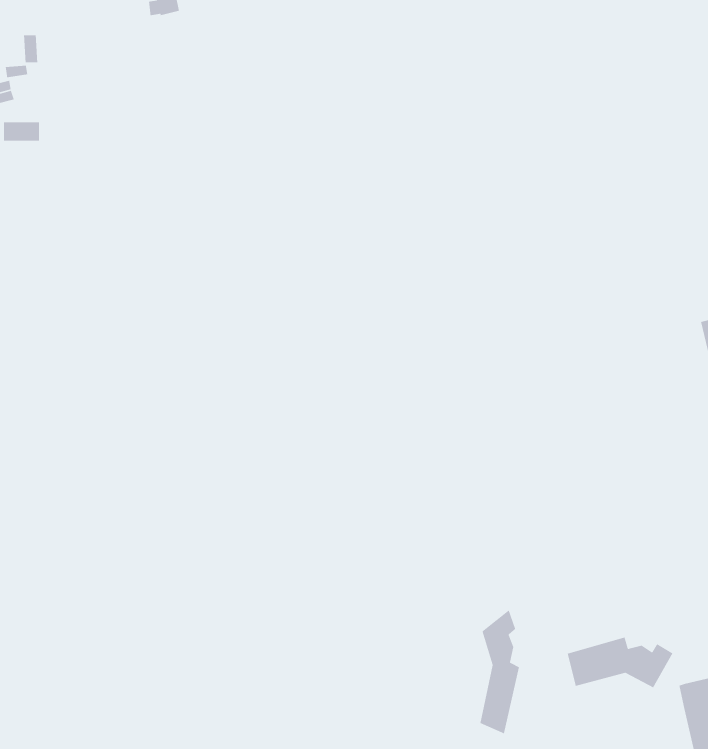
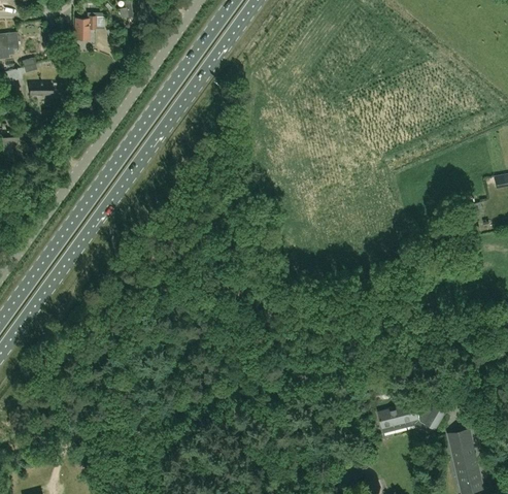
building: none -> [75,15,104,39]
building: [479,609,520,735] -> none

